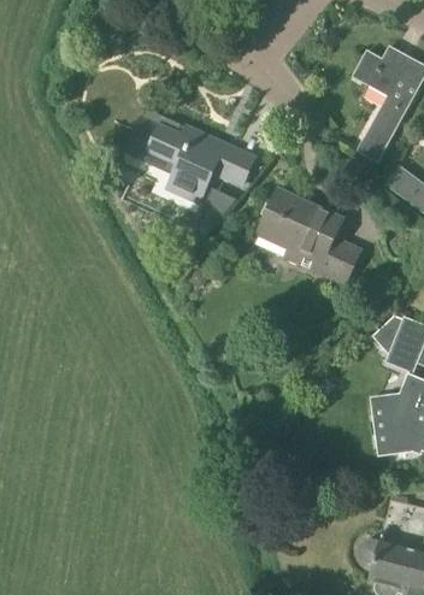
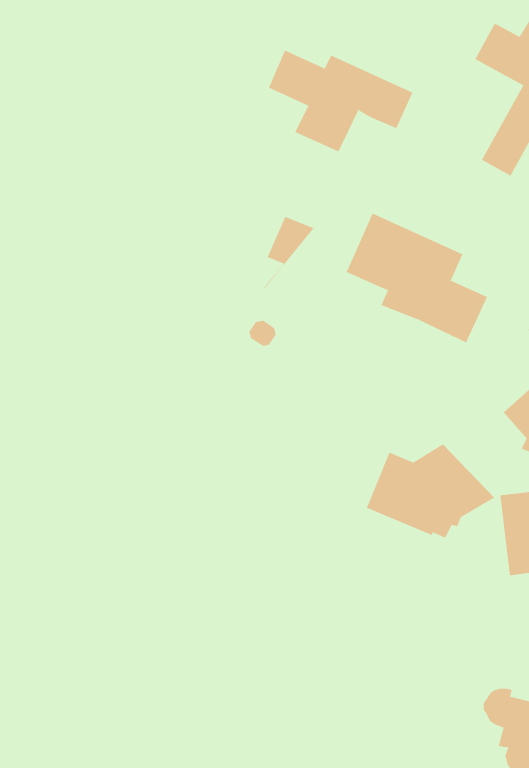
building: [148,126,254,201] -> [268,50,413,152]
building: none -> [366,443,495,539]

